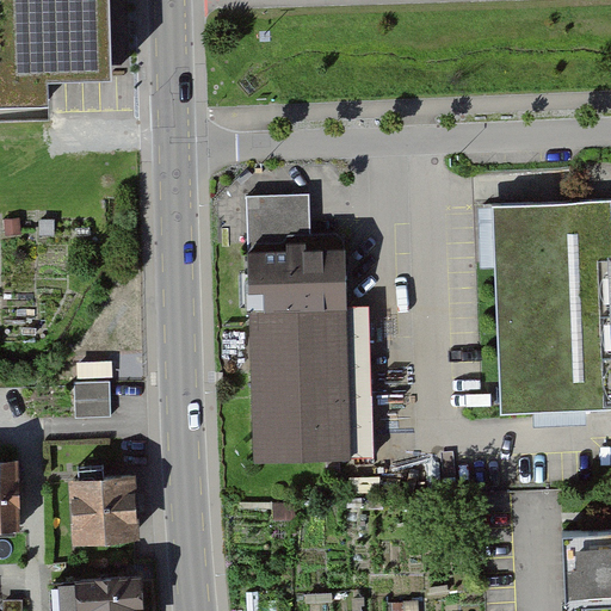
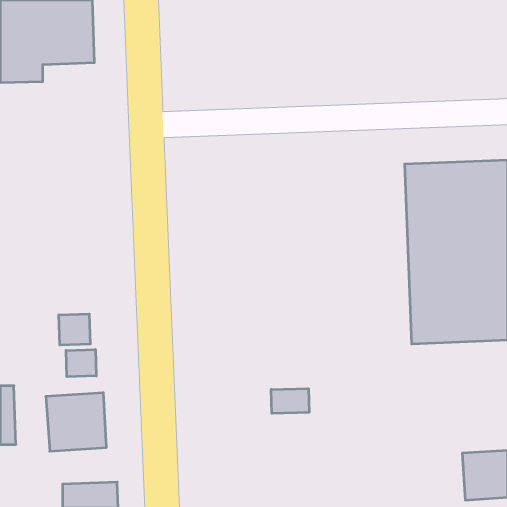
building: [248,192,362,467] -> none
building: none -> [66,349,96,377]
building: none -> [271,389,309,413]

